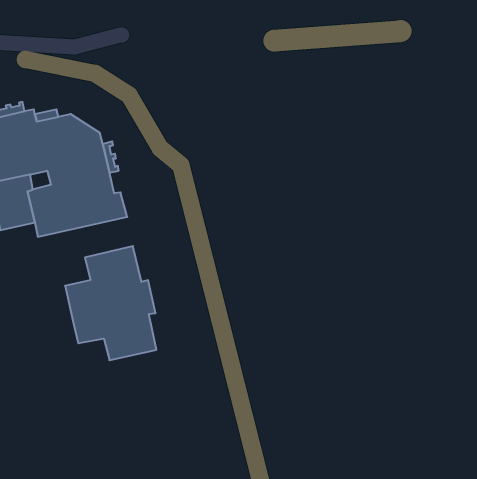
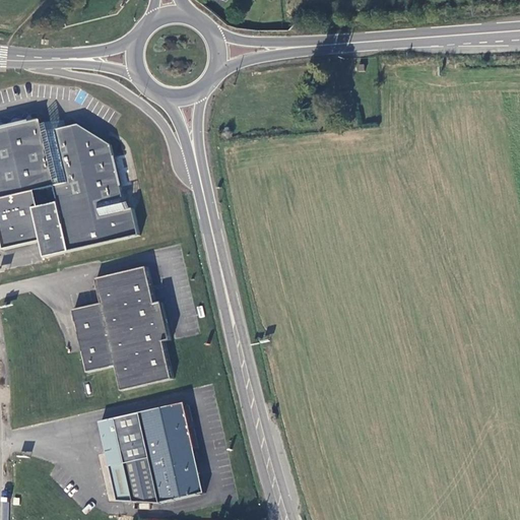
building: none -> [95,401,201,501]

